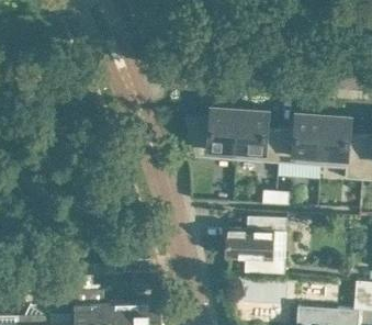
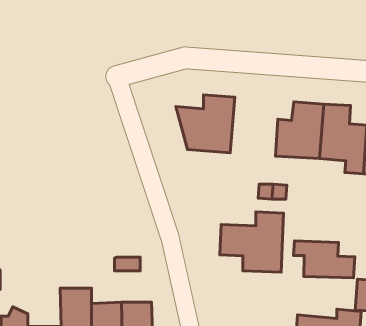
building: [236,108,281,164] -> none
building: none -> [294,241,355,278]

